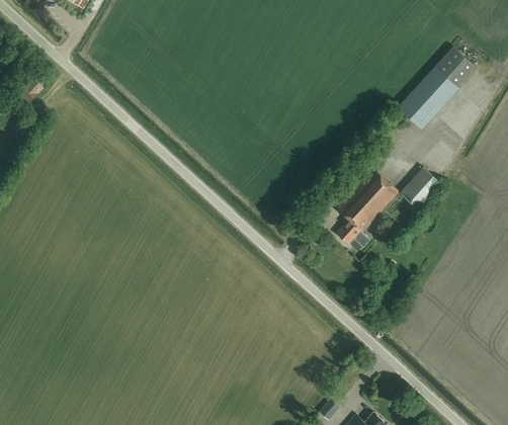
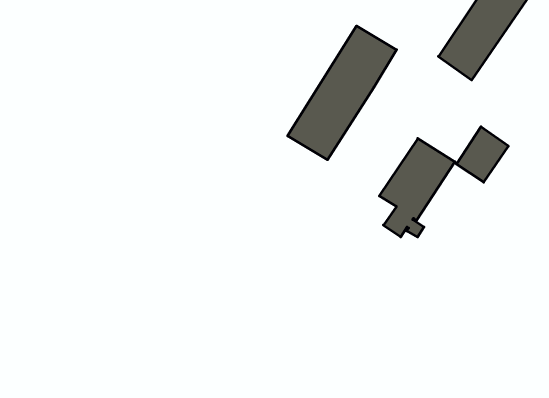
building: none -> [288,26,397,160]

